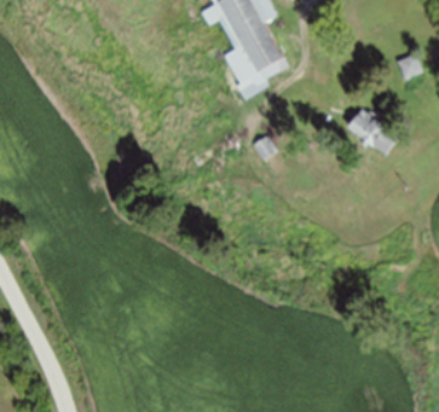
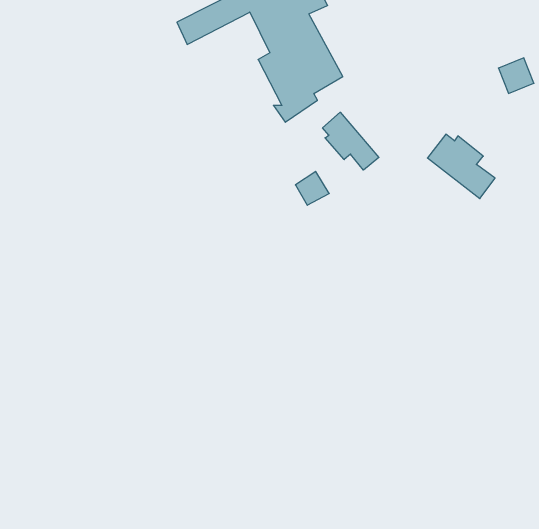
building: none -> [323,112,379,170]

